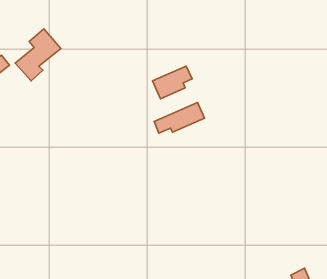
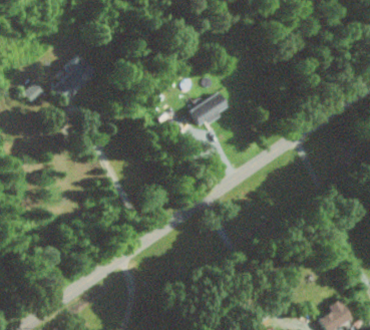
building: [154,102,205,133] -> none

